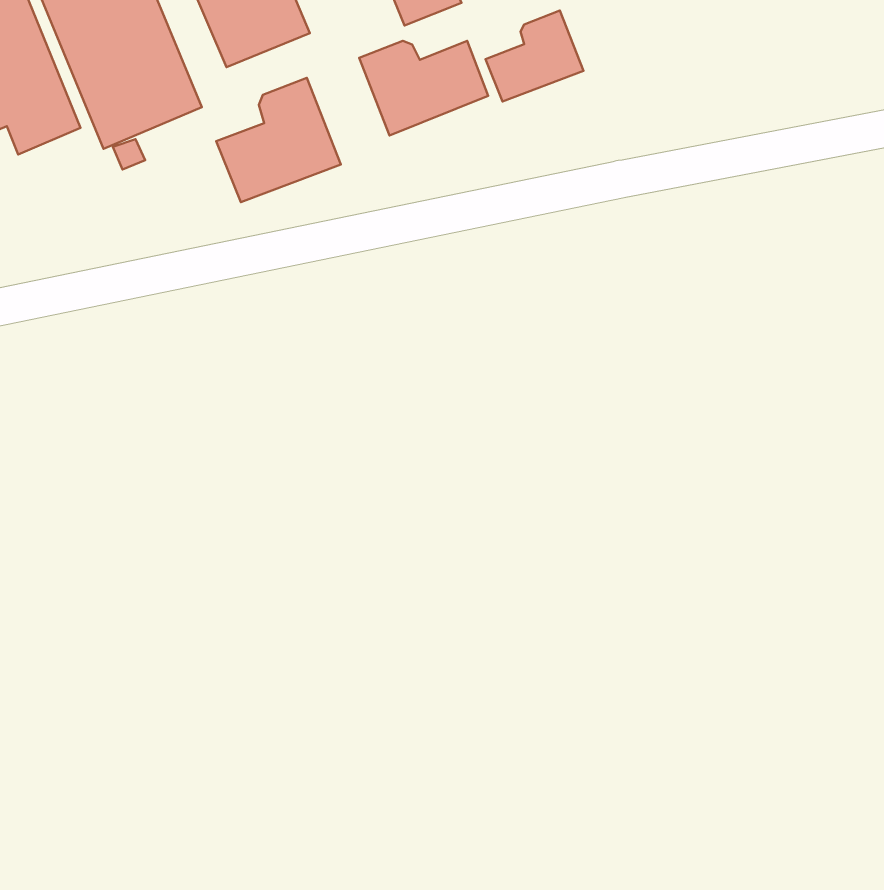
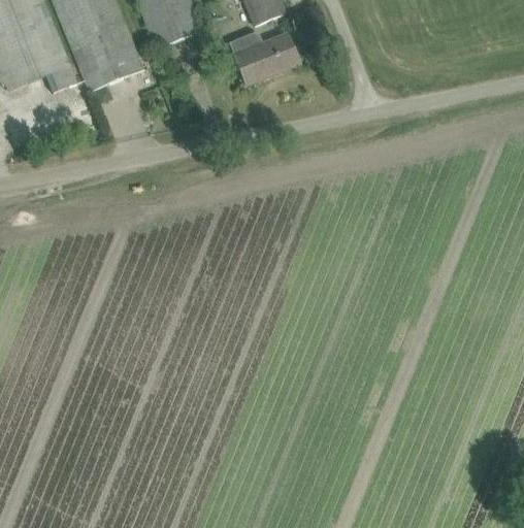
building: [485,10,583,102] -> none
building: [216,78,341,202] -> none

